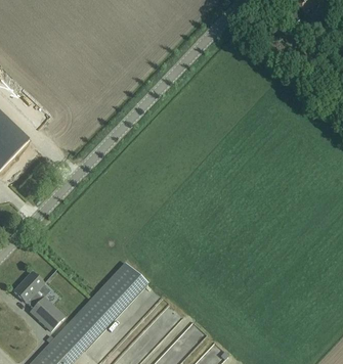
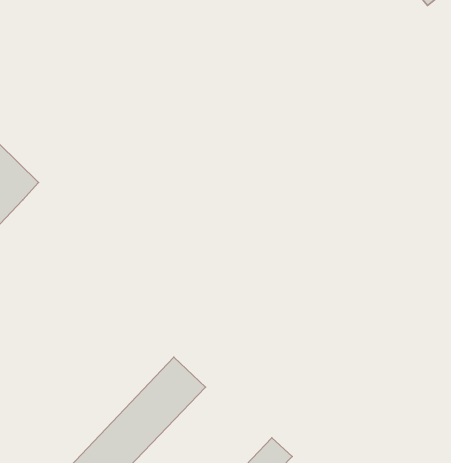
building: [14,272,65,331] -> none

